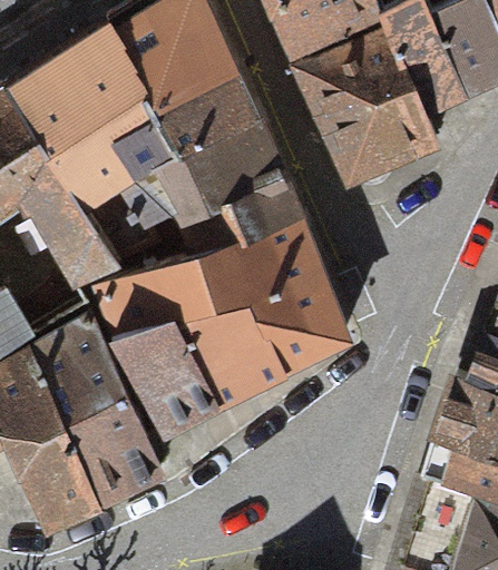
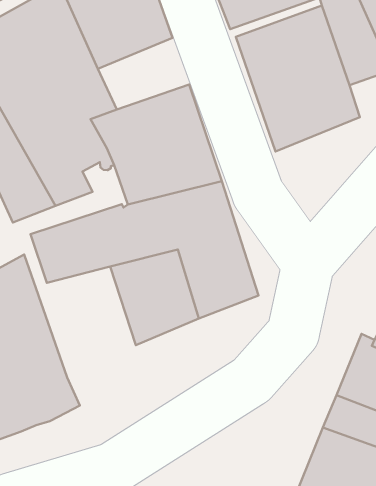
building: [156,73,255,155] -> none
building: [117,324,217,438] -> none

